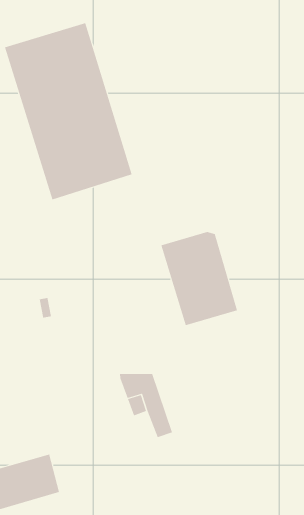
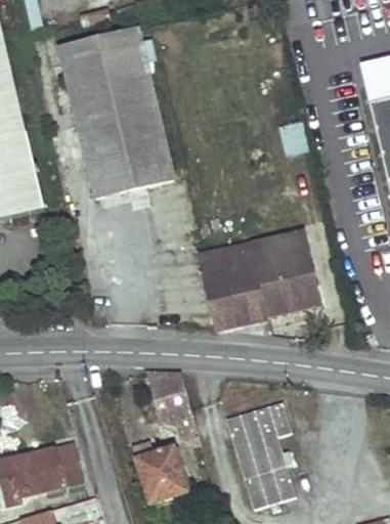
building: none -> [252,223,321,317]
building: none -> [222,402,295,510]
building: none -> [132,441,186,503]

